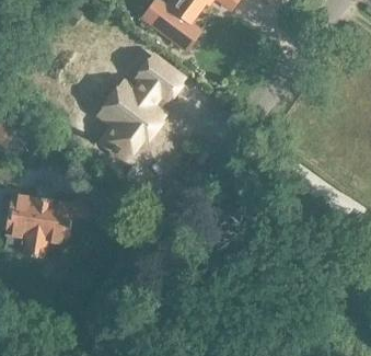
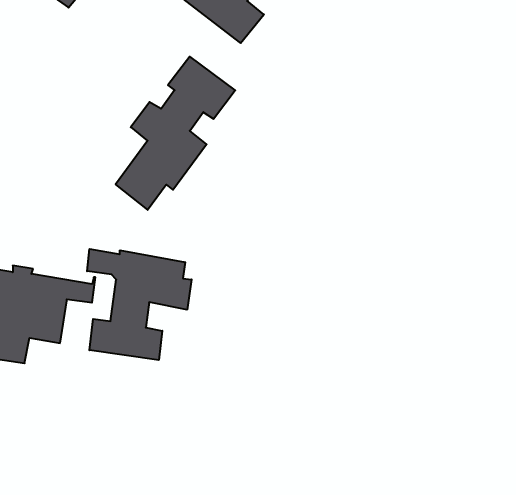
building: none -> [87,249,192,360]

